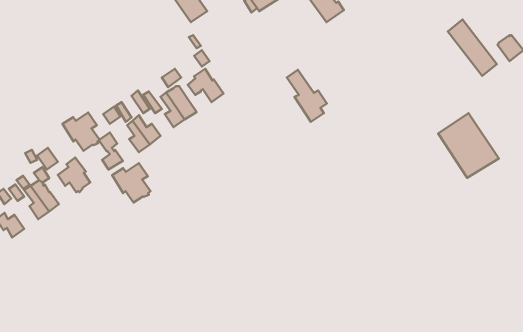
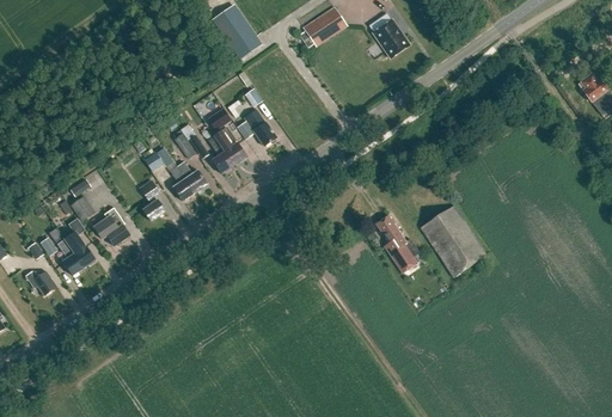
building: [448,20,497,76] -> none
building: [287,70,327,122] -> [375,215,420,272]
building: [63,112,100,151] -> none
building: [438,113,499,178] -> [420,204,486,276]
building: [112,163,150,203] -> none

